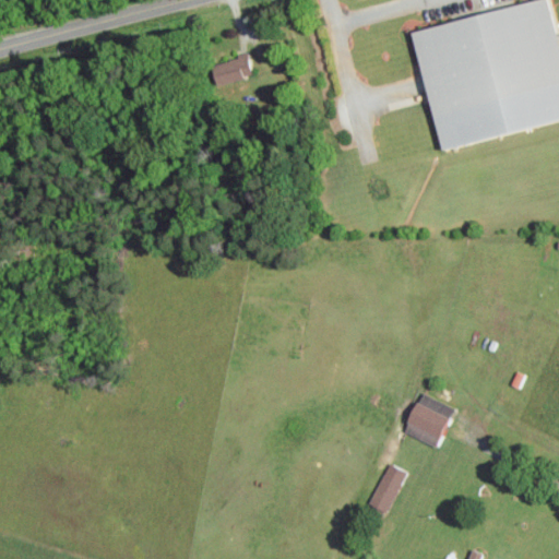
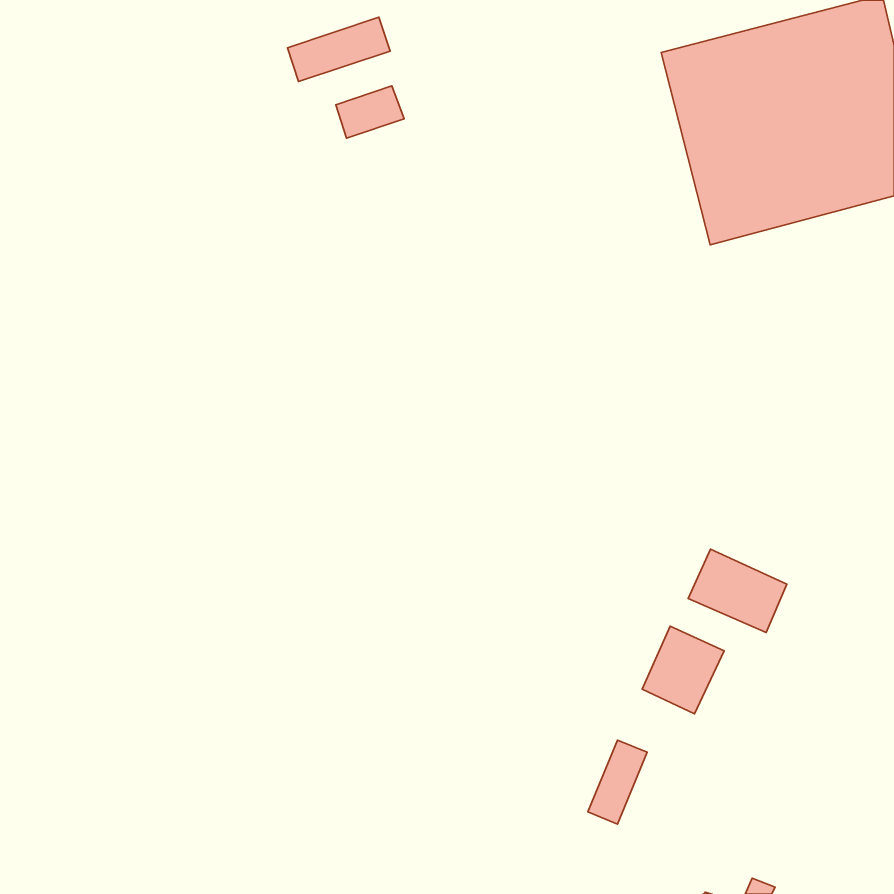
building: none -> [287,17,390,82]
building: none -> [688,549,787,633]

